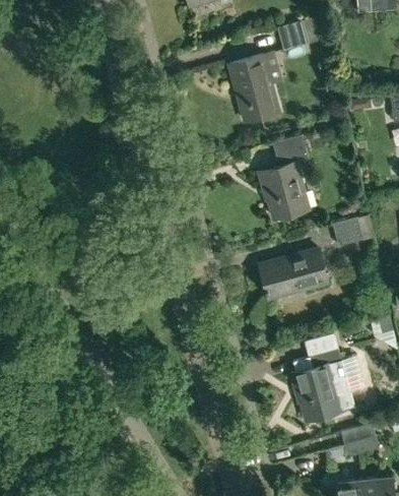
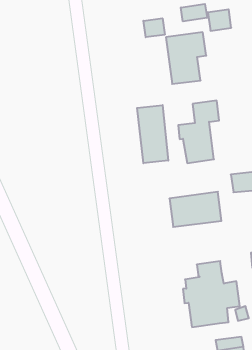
building: none -> [181,4,207,21]
building: none -> [143,18,165,37]
building: none -> [137,105,168,163]

